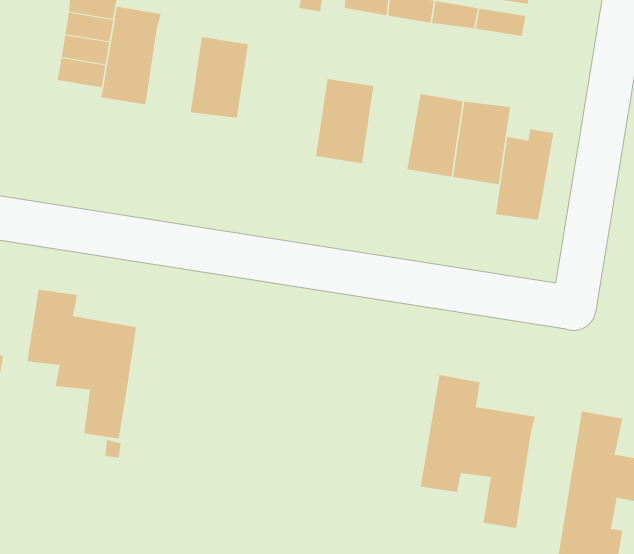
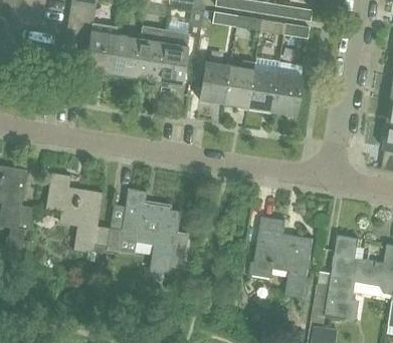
building: none -> [109,34,138,78]
building: none -> [157,34,189,85]
building: [495,129,554,220] -> [223,60,254,108]
building: none -> [108,189,188,276]

